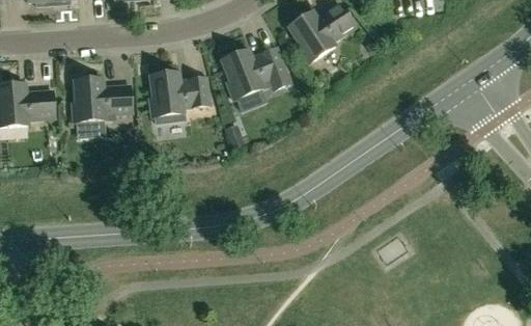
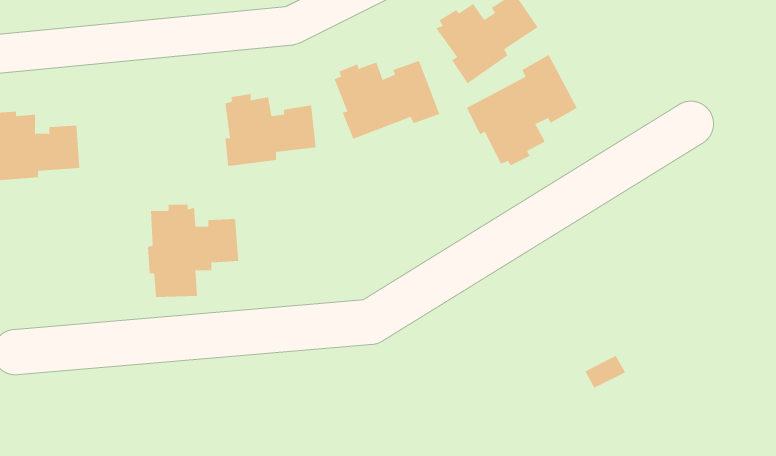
building: none -> [466,54,577,166]
building: [72,75,132,136] -> [147,204,239,298]

